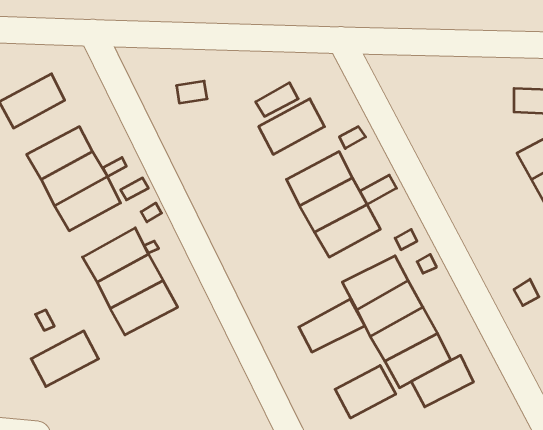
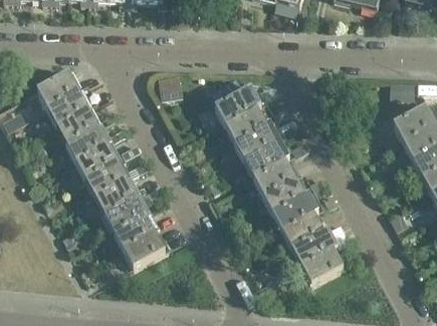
building: none -> [47,88,92,125]
building: none -> [225,106,270,142]
building: none -> [85,158,131,196]
building: [299,299,365,352] -> [263,177,308,213]
building: [31,331,99,387] -> [124,230,170,268]
building: [411,355,473,407] -> none
building: [335,365,396,418] -> none

